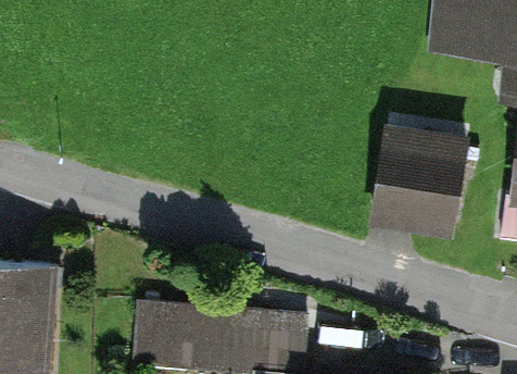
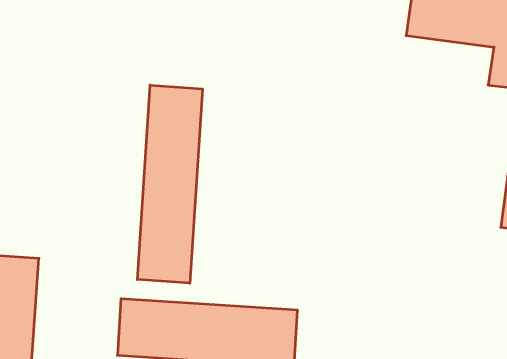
building: none -> [137,85,202,283]
building: [379,115,488,233] -> none

